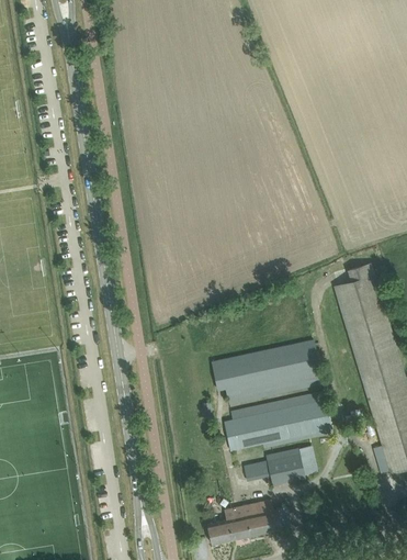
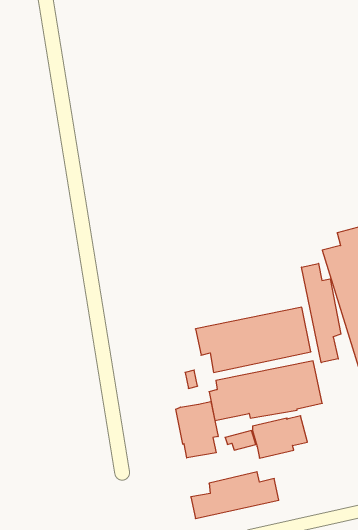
building: none -> [302,263,341,363]
building: none -> [176,401,218,458]

